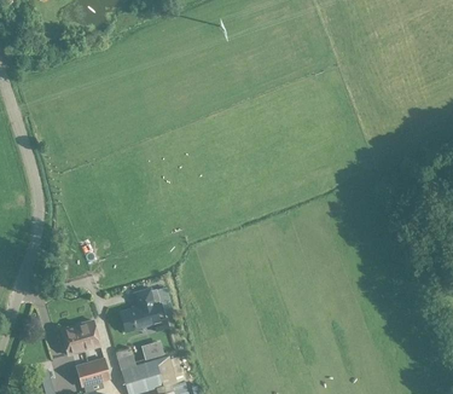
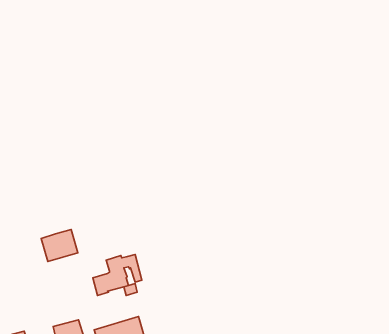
building: [60,319,100,354] -> [41,229,78,262]

